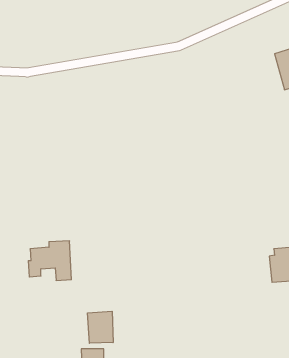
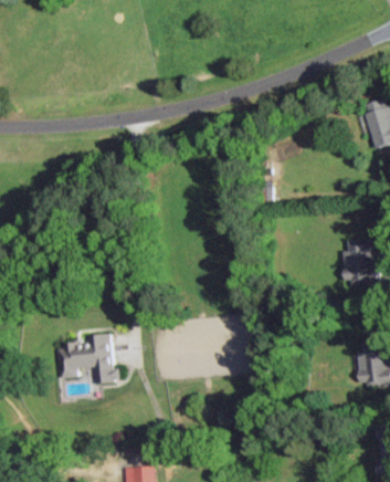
building: none -> [342,245,376,284]
building: [88,311,113,343] -> none

